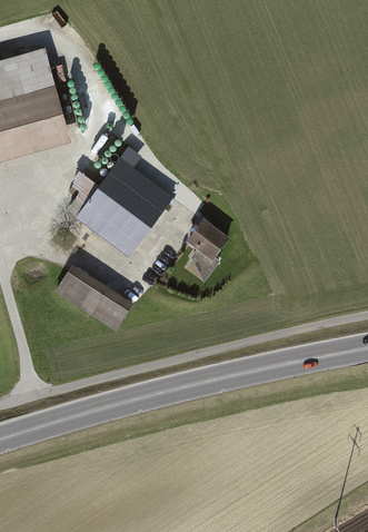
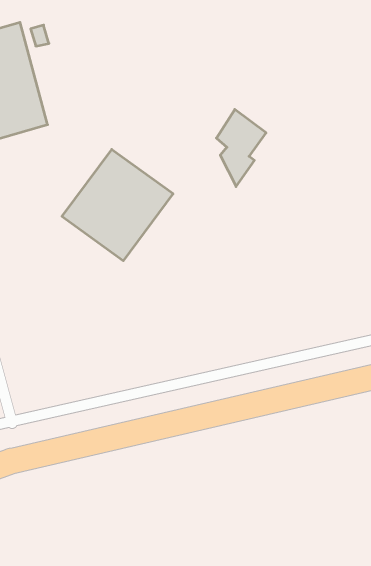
building: [187,216,229,282] -> [216,109,266,187]
building: [56,263,132,327] -> none

